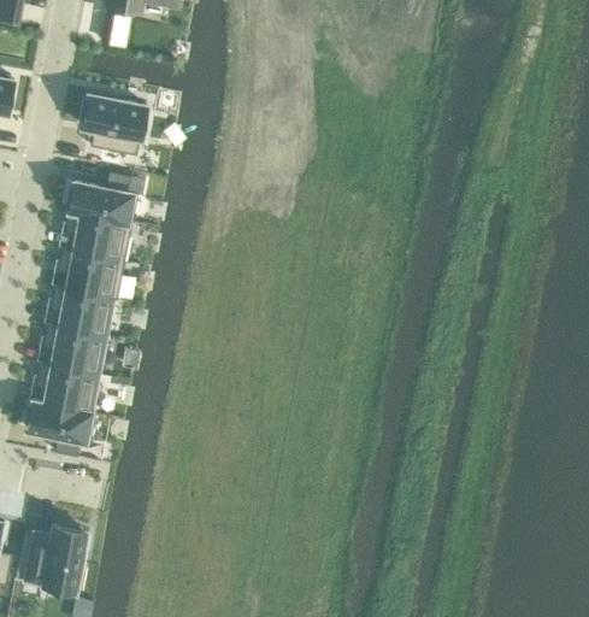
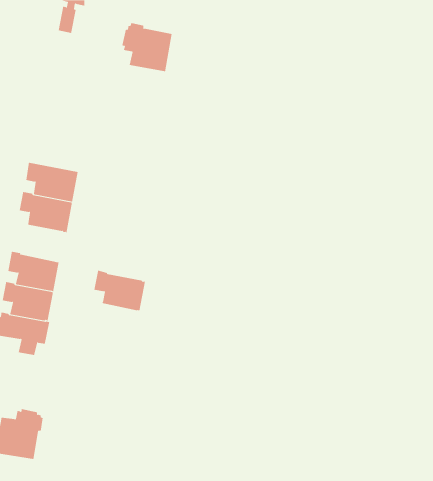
building: [78,92,143,154] -> [121,23,172,72]
building: [66,171,136,222] -> none
building: [47,284,113,336] -> [94,270,146,311]

